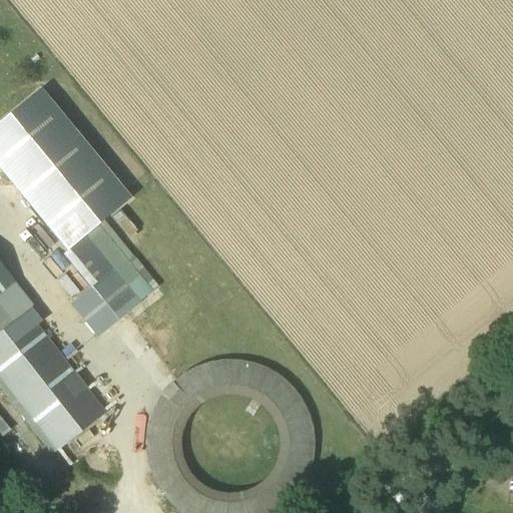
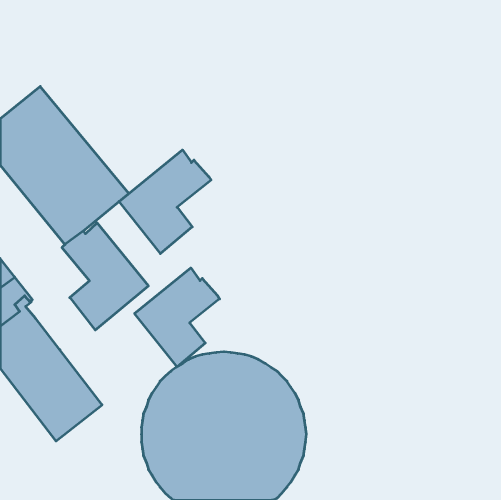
building: none -> [119,150,211,254]
building: none -> [135,268,220,367]

